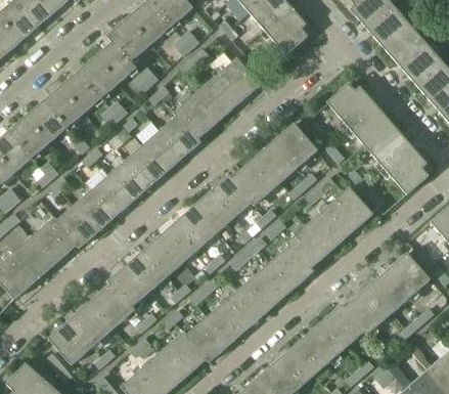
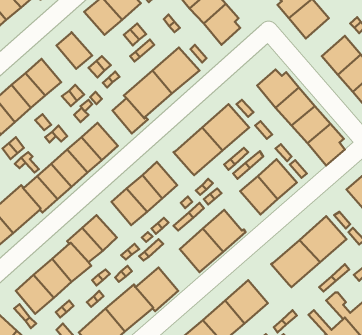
building: [105,17,150,61] -> none
building: [383,25,428,69] -> none
building: [78,56,118,98] -> none
building: [142,131,182,172] -> none
building: [211,175,251,217] -> none
building: [285,224,330,269] -> none
building: [141,236,181,277] -> none
building: [213,291,260,339] -> none
building: [316,304,363,353] -> none

